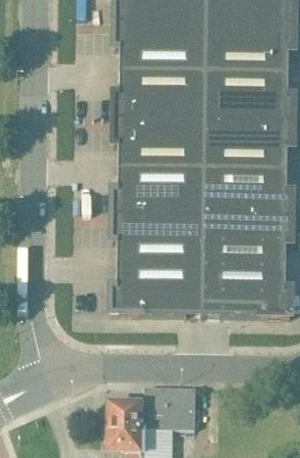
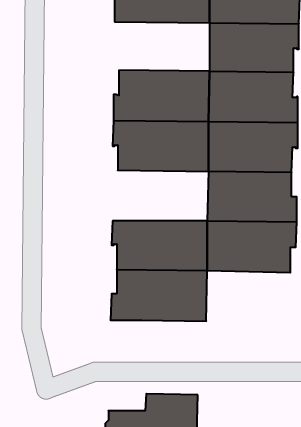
building: [117,26,209,74] -> none
building: [115,170,208,219] -> none
building: [206,267,293,317] -> none

